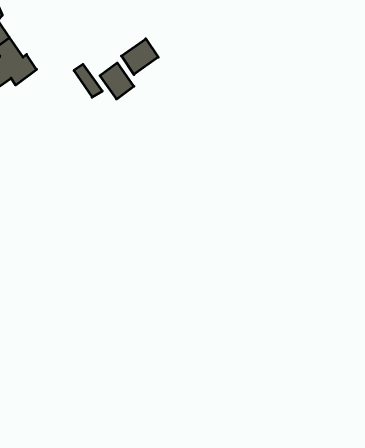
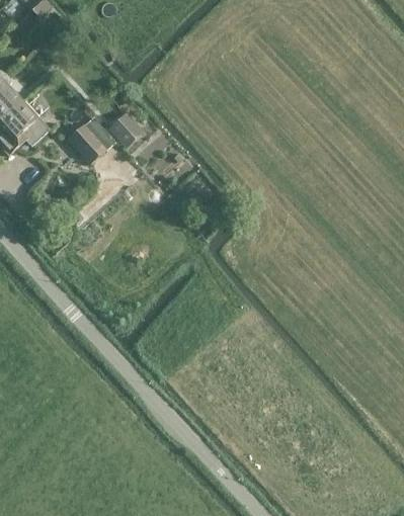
building: [121,39,158,75] -> none
building: none -> [68,124,104,161]

